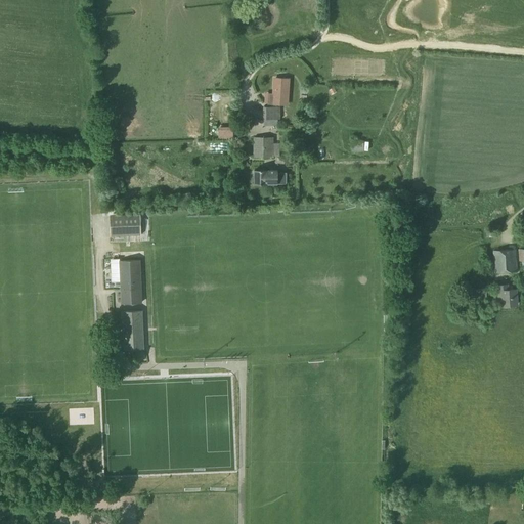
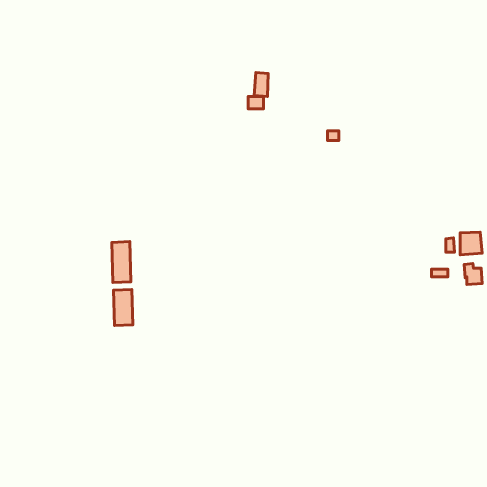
building: [254,136,273,158] -> none
building: [255,169,286,183] -> none
building: [111,215,141,236] -> none

